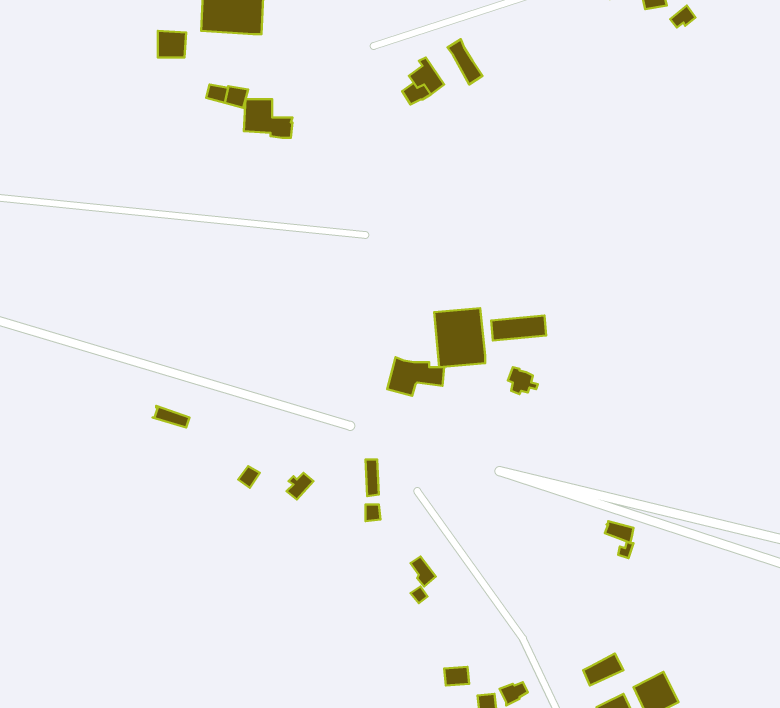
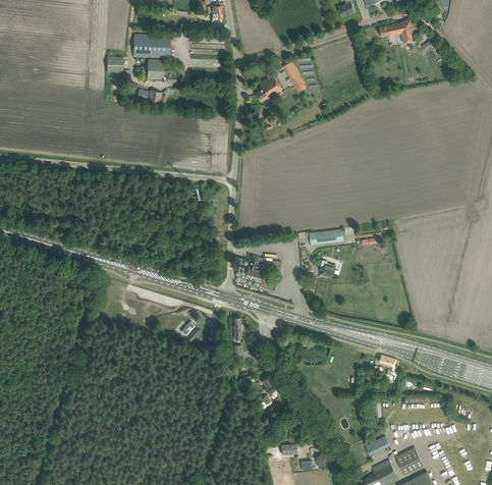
building: [244,99,292,138] -> [146,59,175,83]
building: [434,308,485,367] -> none

